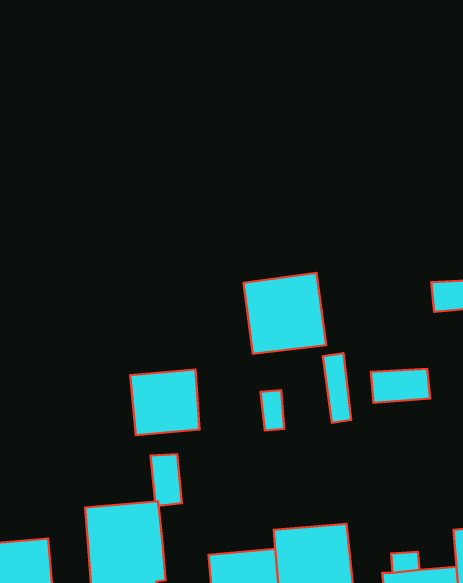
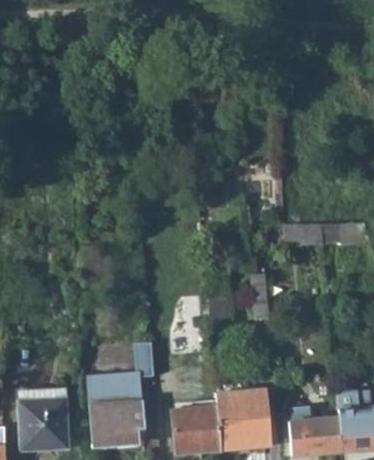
building: [243,273,326,354] -> none
building: [371,369,430,403] -> [285,224,325,248]
building: [130,369,200,435] -> none

